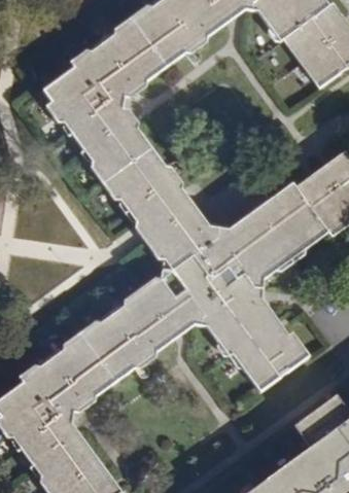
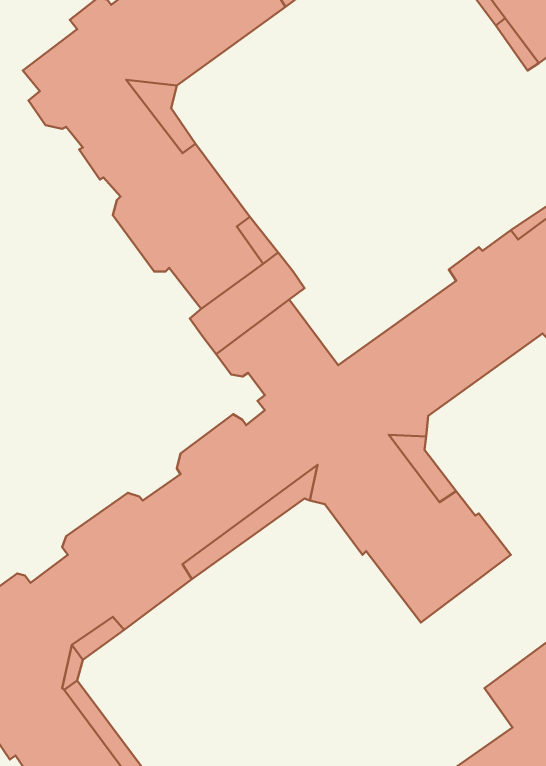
building: [187,198,279,250] -> none

